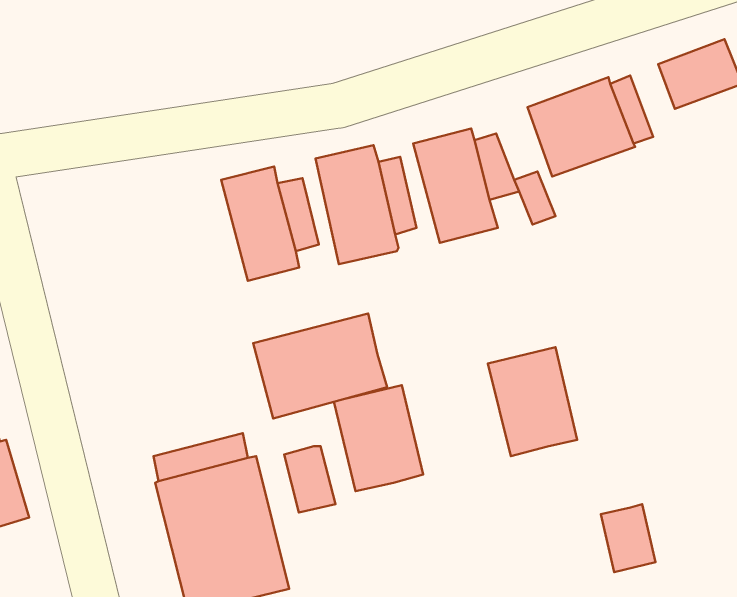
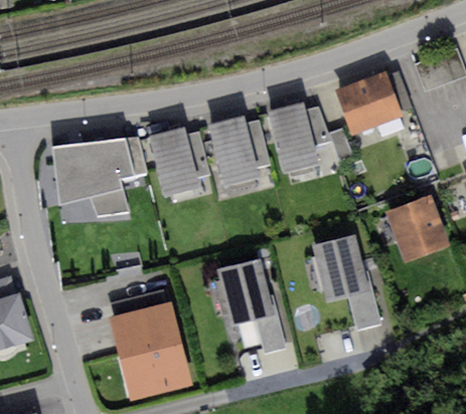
building: none -> [51,136,147,217]
building: none -> [384,195,449,262]
building: [253,313,387,418] -> none
building: [284,446,335,513] -> [255,314,286,354]
building: [601,504,655,572] -> [348,290,381,332]

